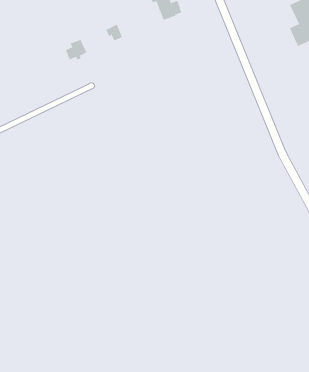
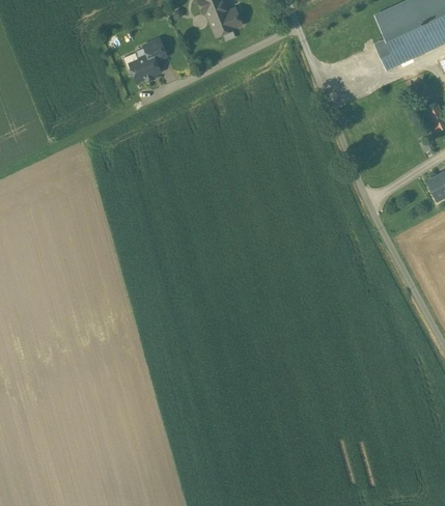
building: [65,39,87,60] -> [132,54,160,81]

